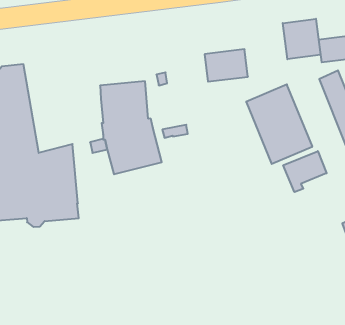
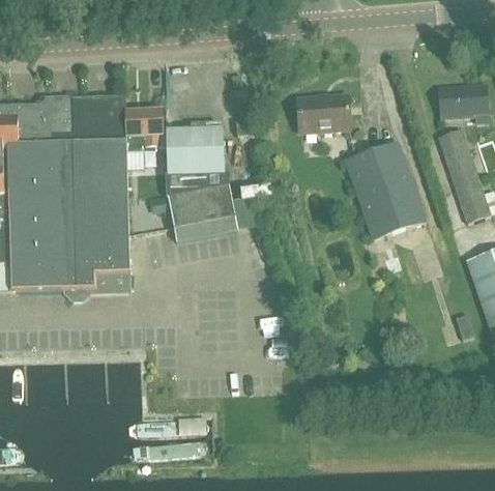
building: [283,19,321,59] -> none
building: none -> [74,95,167,207]
building: [283,151,327,192] -> none

